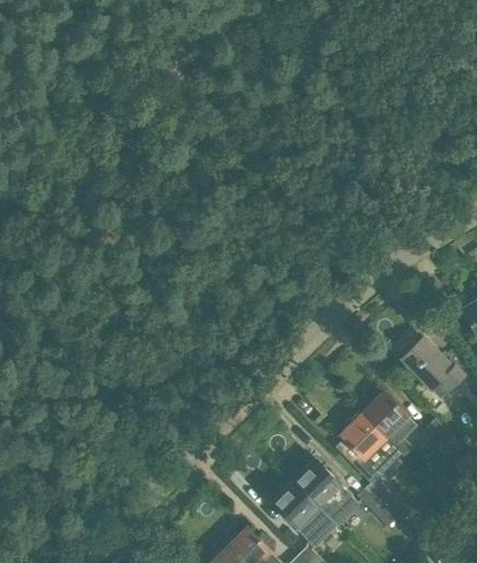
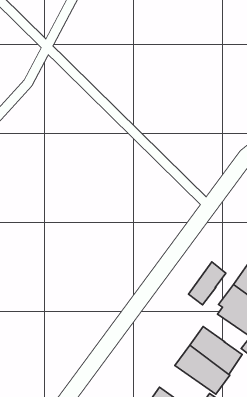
building: none -> [188,262,226,305]

